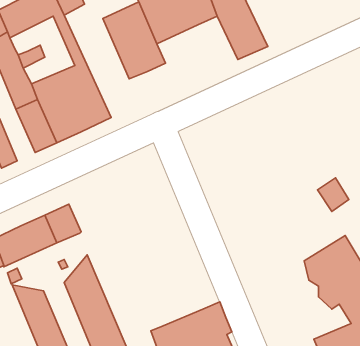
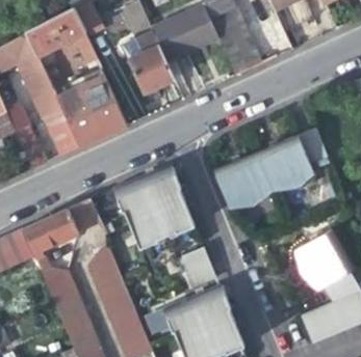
building: none -> [212,134,314,208]
building: none -> [111,164,191,249]
building: none -> [175,248,214,290]

